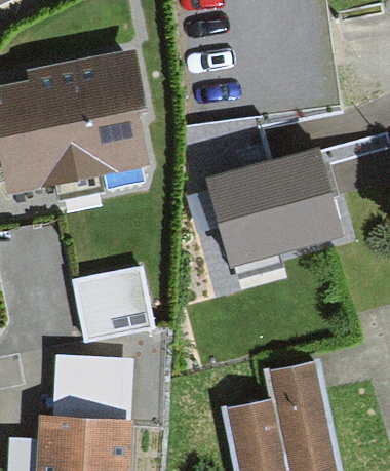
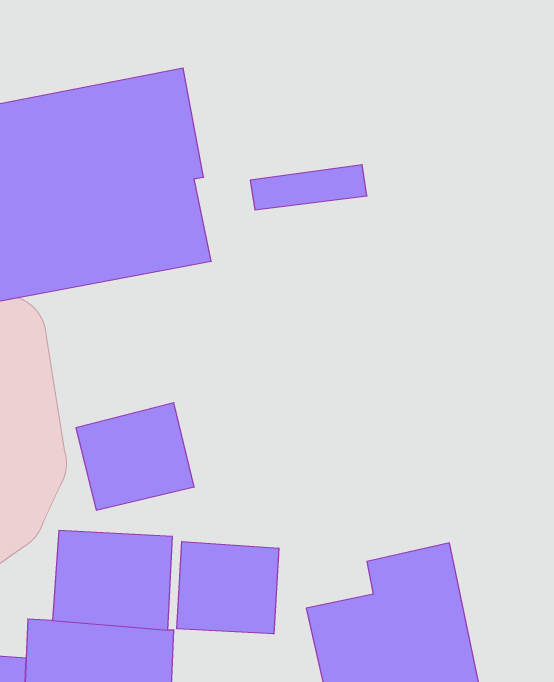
building: [205,145,344,273] -> none
building: none -> [177,541,279,634]

